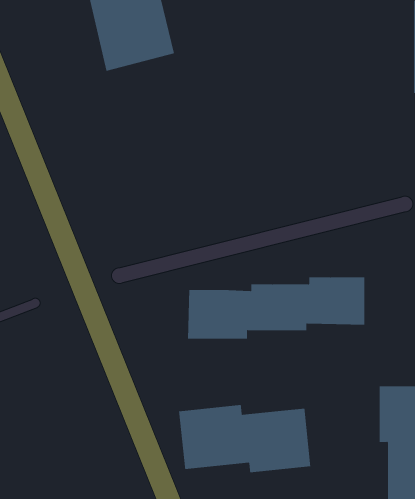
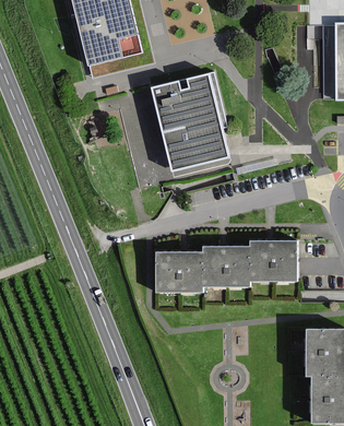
building: none -> [151,76,229,177]
building: [179,404,311,473] -> none

